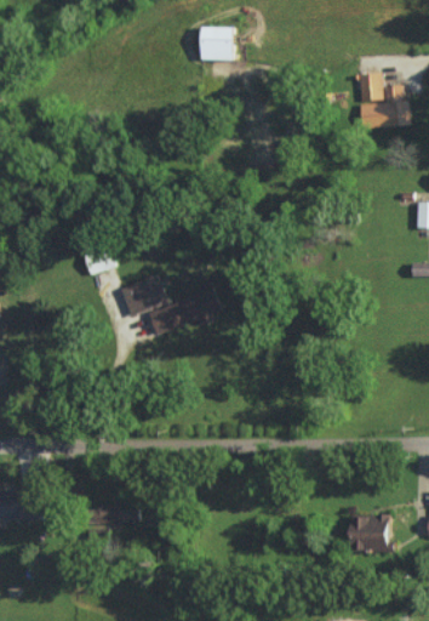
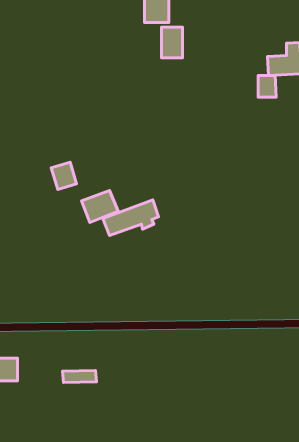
building: none -> [161,27,183,58]
building: [360,73,383,101] -> [258,75,276,97]
building: [353,515,391,551] -> none

